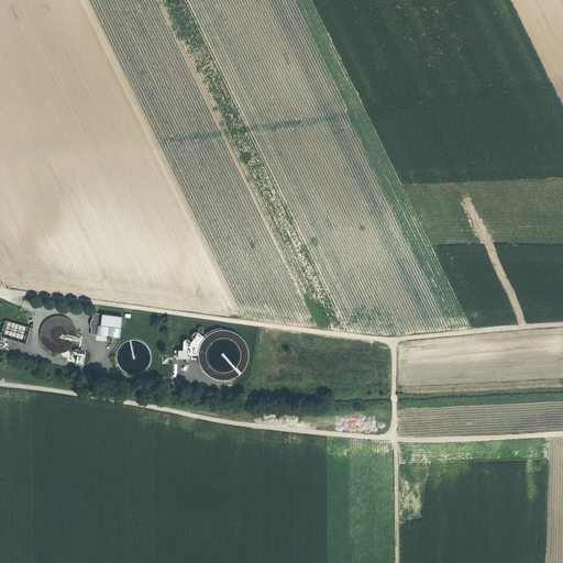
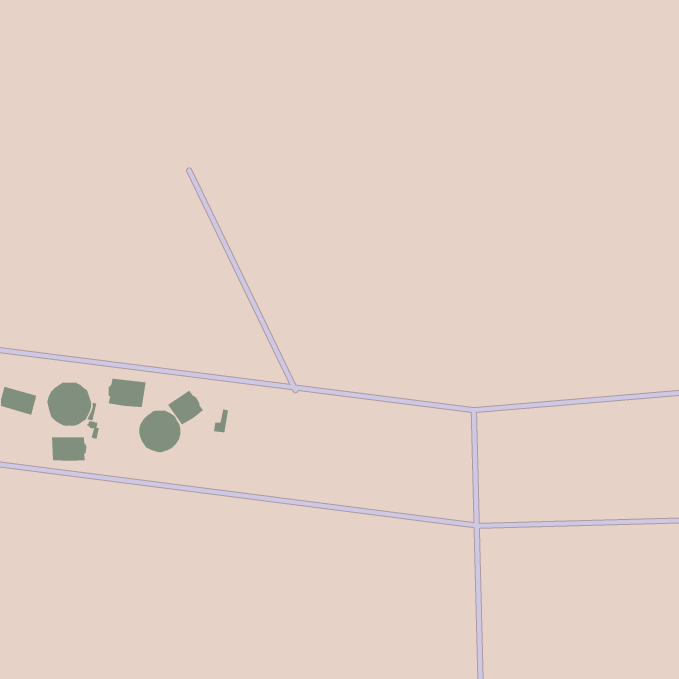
building: none -> [167,390,204,425]
building: none -> [52,437,87,462]

